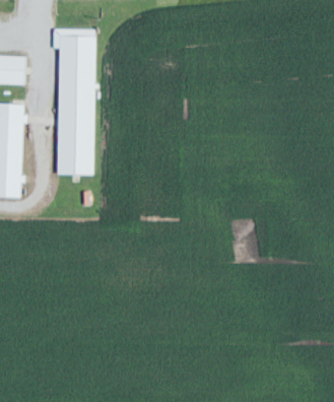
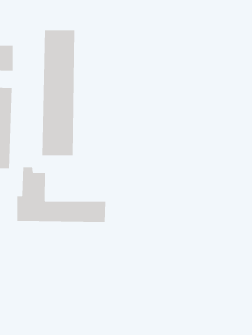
building: none -> [17,167,106,223]

